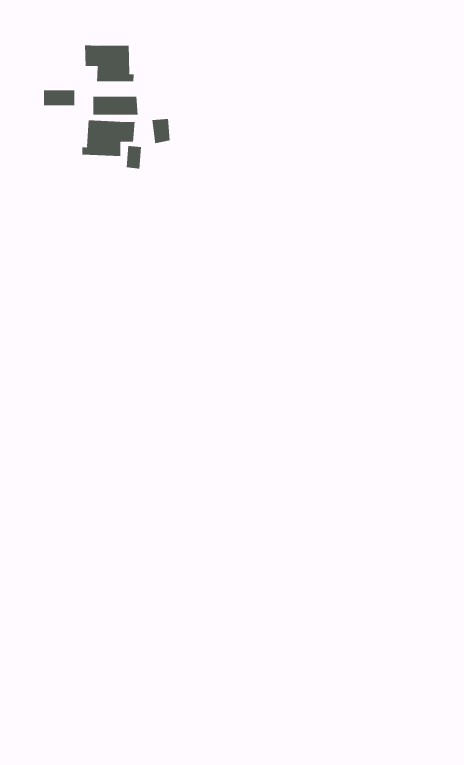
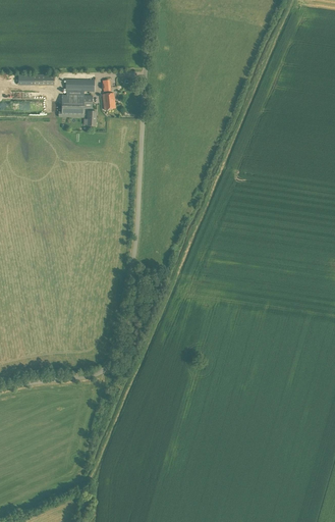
building: [85,45,134,82] -> none

